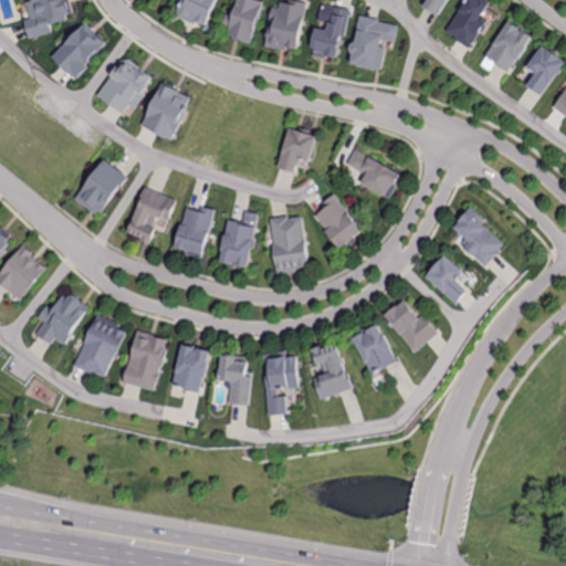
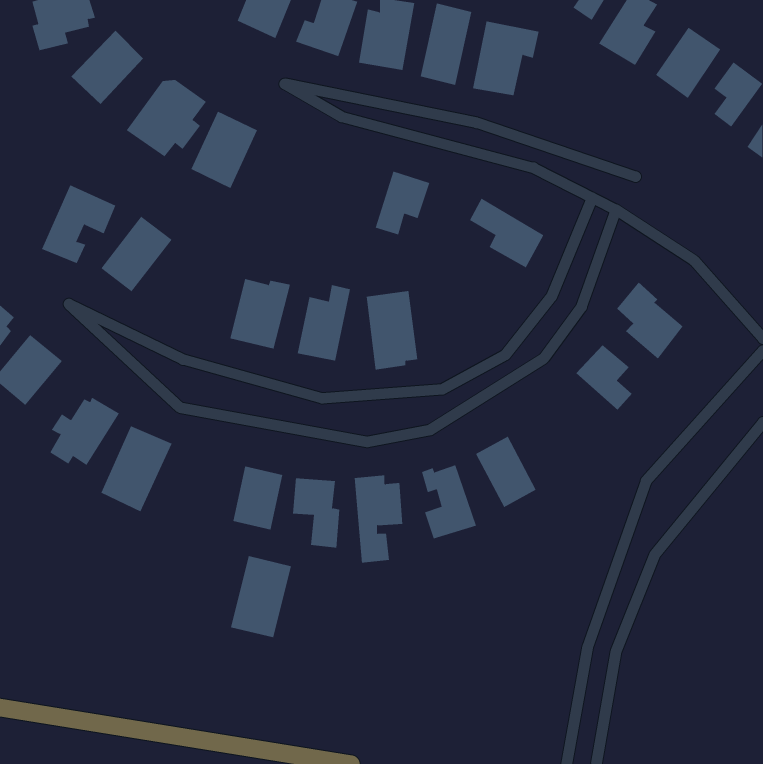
building: [122,185,177,243] -> [41,185,116,264]
building: [315,193,363,248] -> none
building: [384,296,436,352] -> none
building: [124,328,169,389] -> [230,556,292,638]

